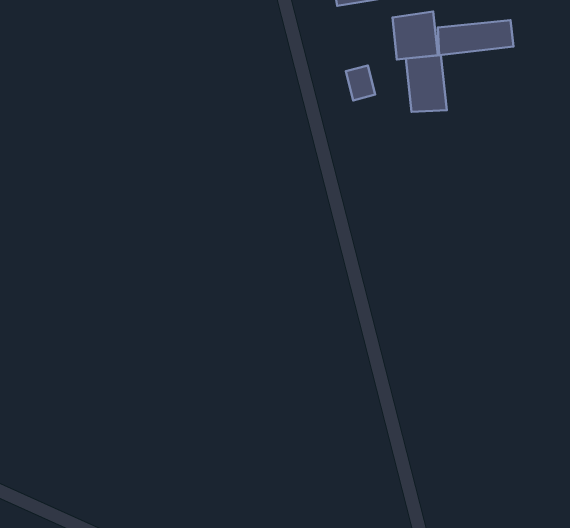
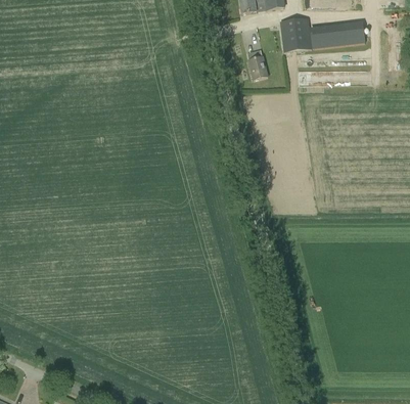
building: [406,55,447,112] -> none

